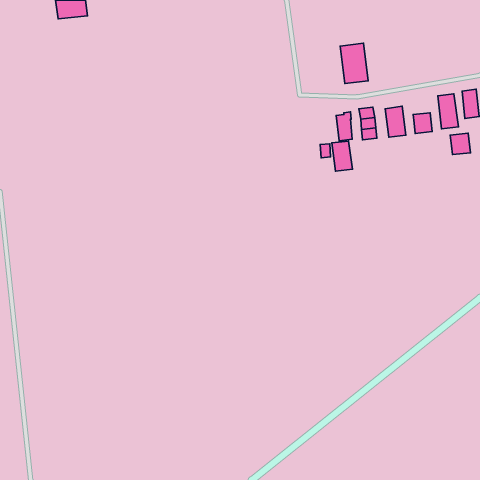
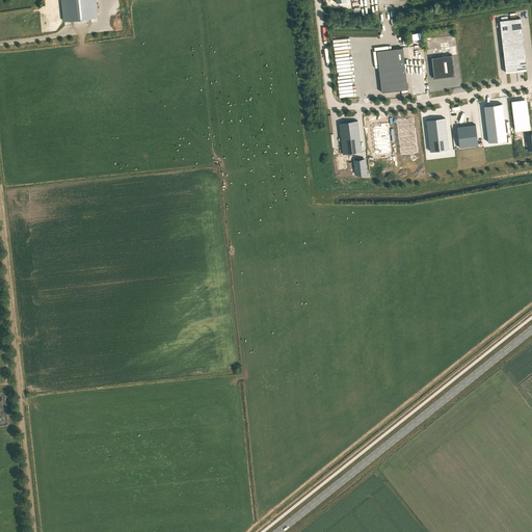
building: none -> [500,18,527,73]
building: none -> [431,55,455,79]
building: [450,133,470,155] -> none
building: [332,141,352,171] -> [339,121,362,154]

